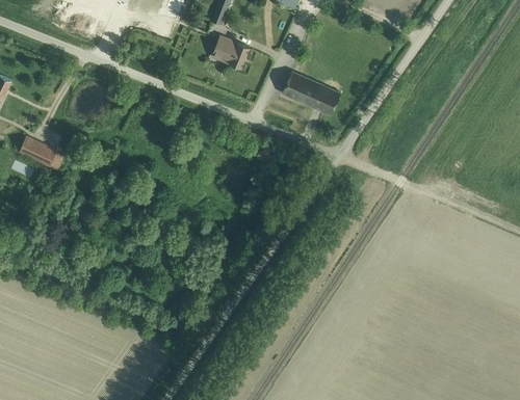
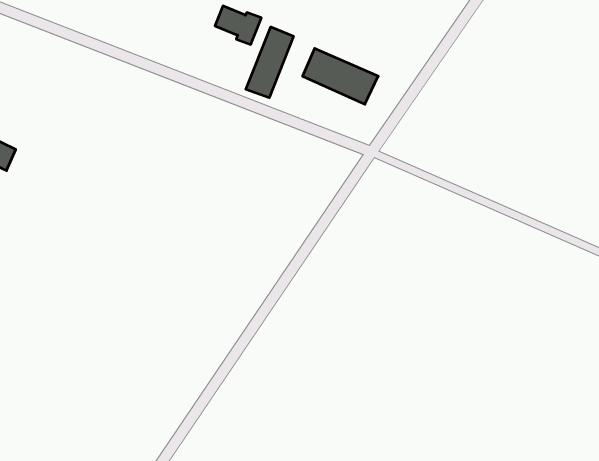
building: none -> [246,27,293,98]

